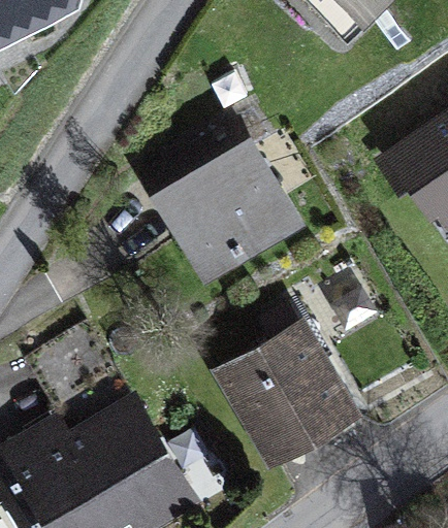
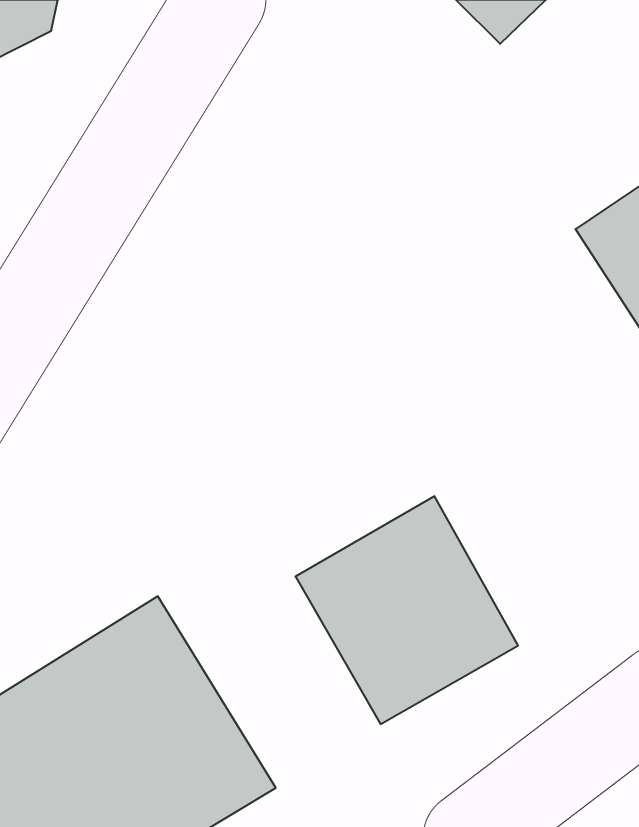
building: [150,134,301,282] -> none

